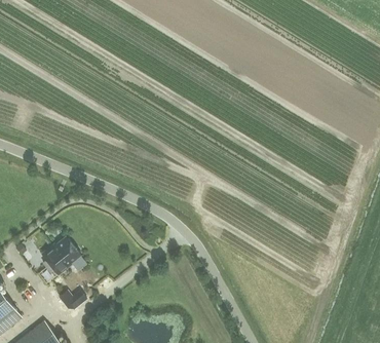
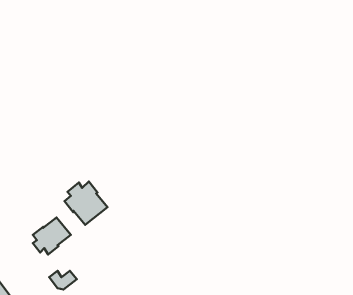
building: none -> [64,181,108,225]

